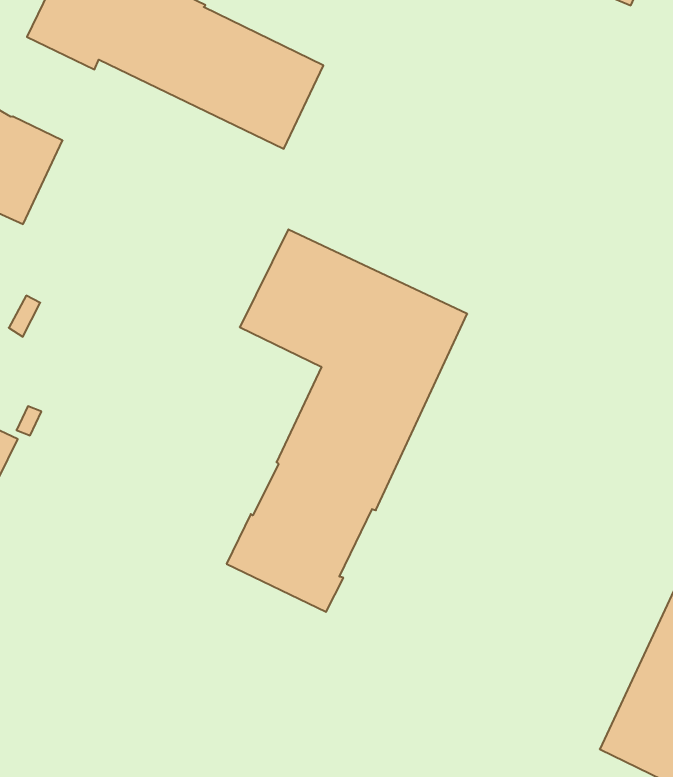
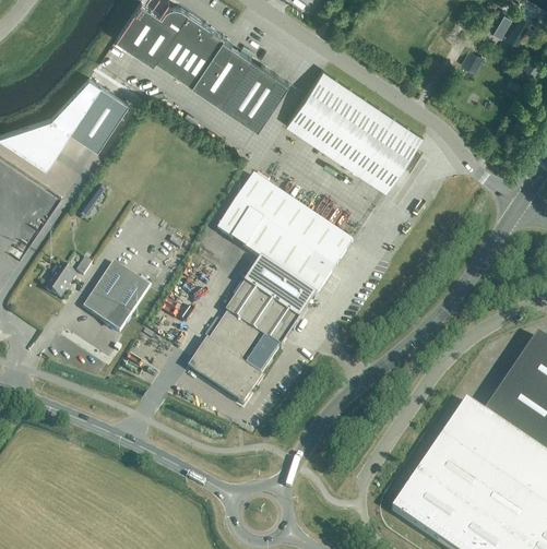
building: none -> [285,70,421,191]
building: none -> [82,263,148,332]

